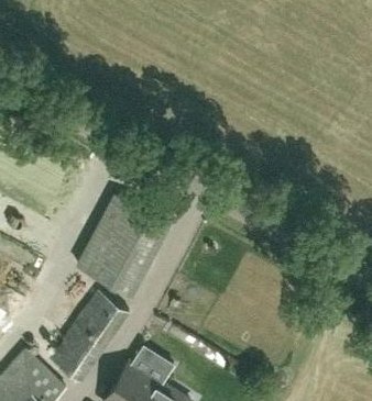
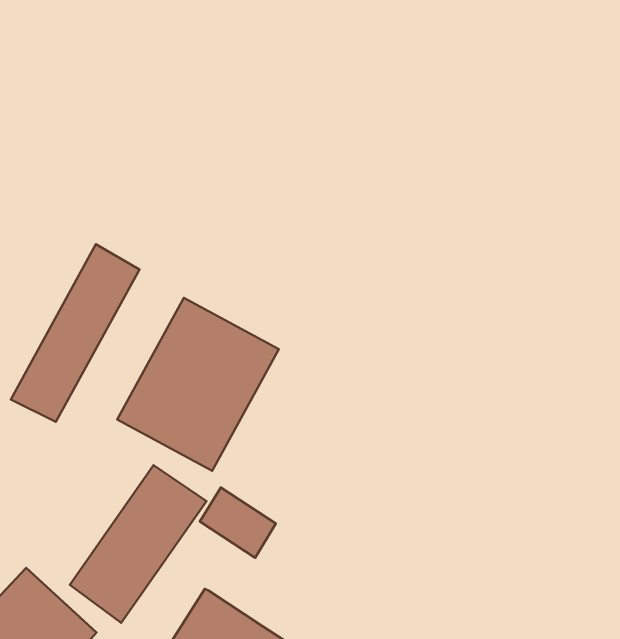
building: none -> [11,244,139,422]
building: [130,344,174,385] -> [200,487,276,558]

